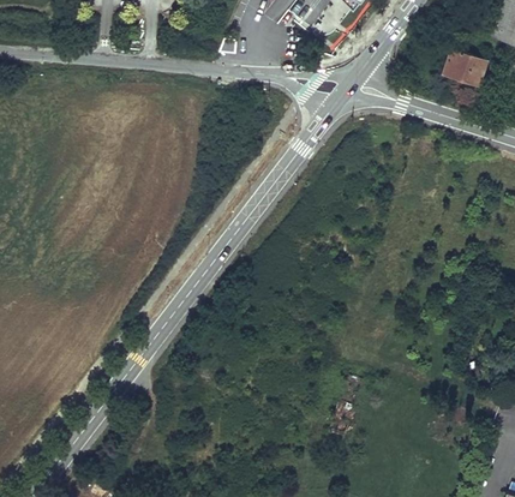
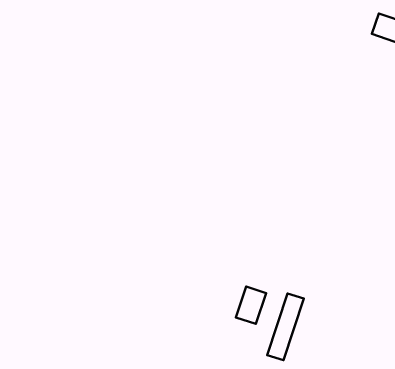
building: none -> [236,287,266,324]

